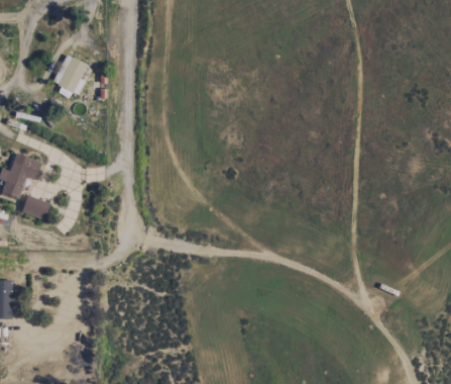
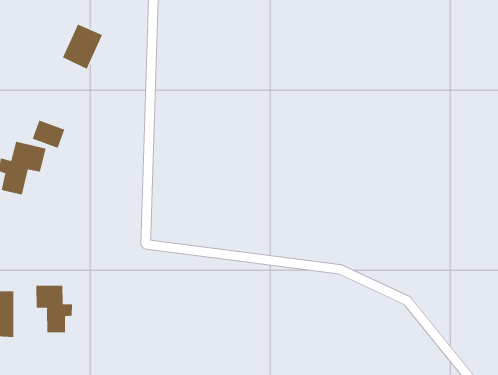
building: [22,195,50,219] -> [32,120,65,149]
building: none -> [36,285,73,333]

